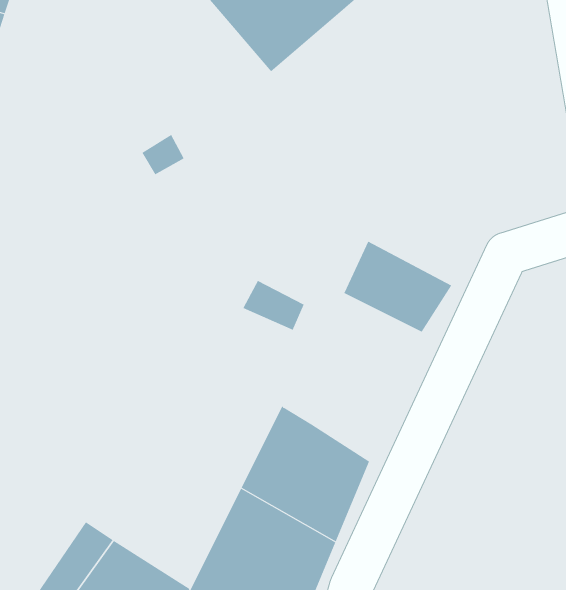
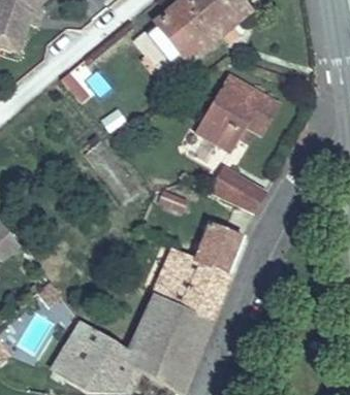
building: none -> [194,74,272,145]
building: none -> [194,228,244,287]

